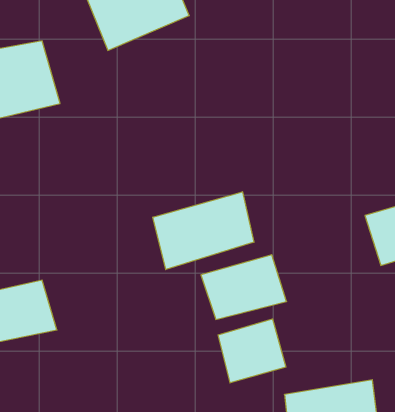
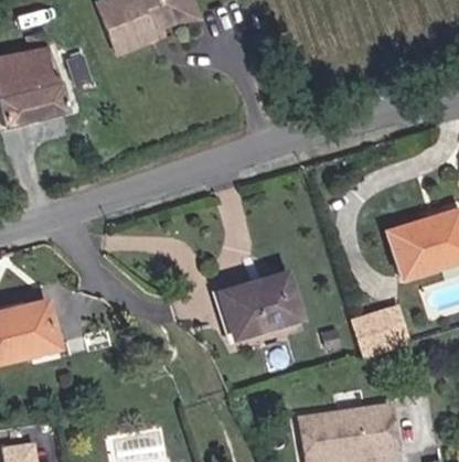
building: [153,192,254,270] -> none
building: none -> [345,303,407,355]
building: [218,319,286,383] -> none

